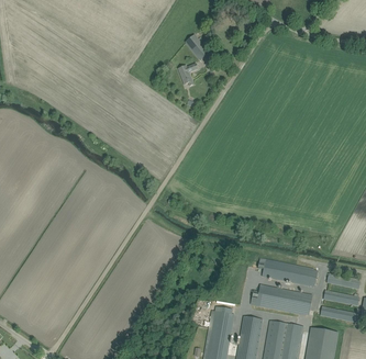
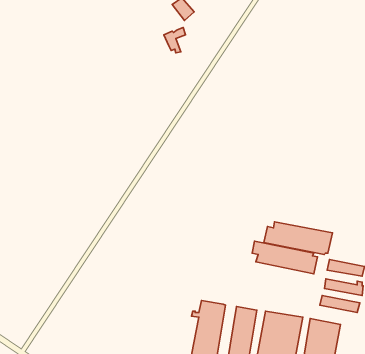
building: [249,284,312,314] -> [264,222,333,254]

